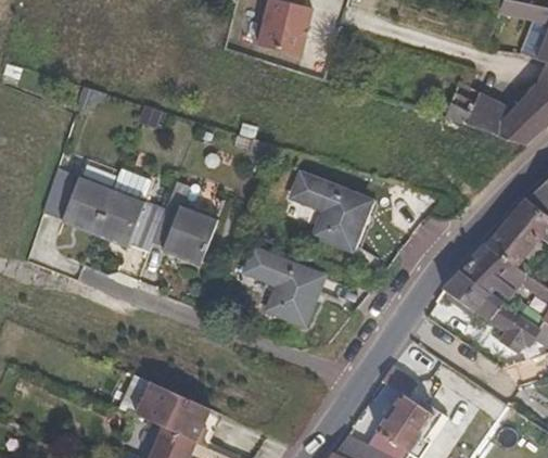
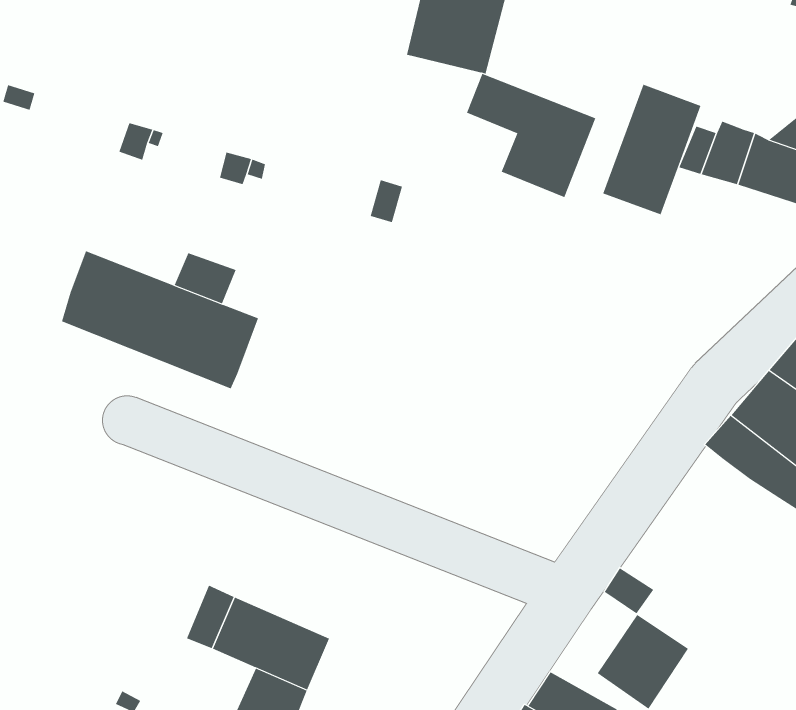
building: none -> [603,84,701,215]
building: [291,173,372,251] -> [466,73,596,198]
building: [153,182,217,263] -> none
building: [243,247,326,327] -> none

